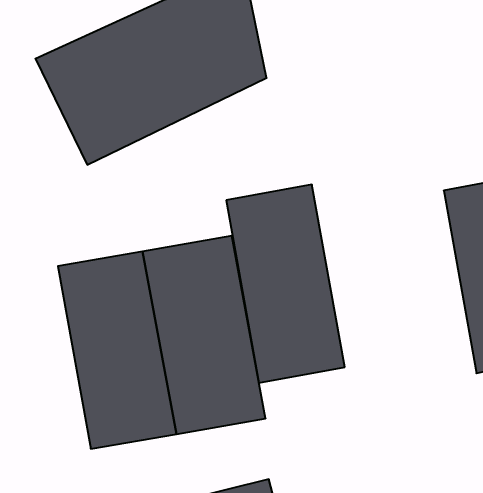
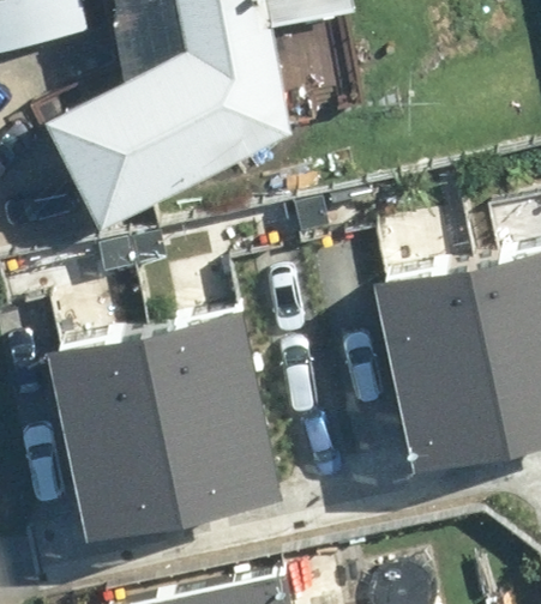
building: [226,185,345,383] -> [381,246,507,457]

